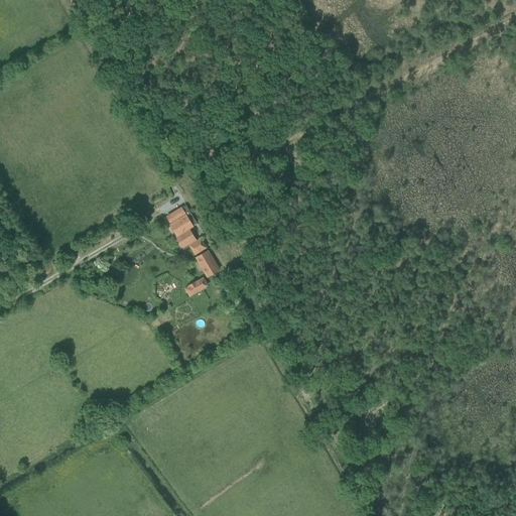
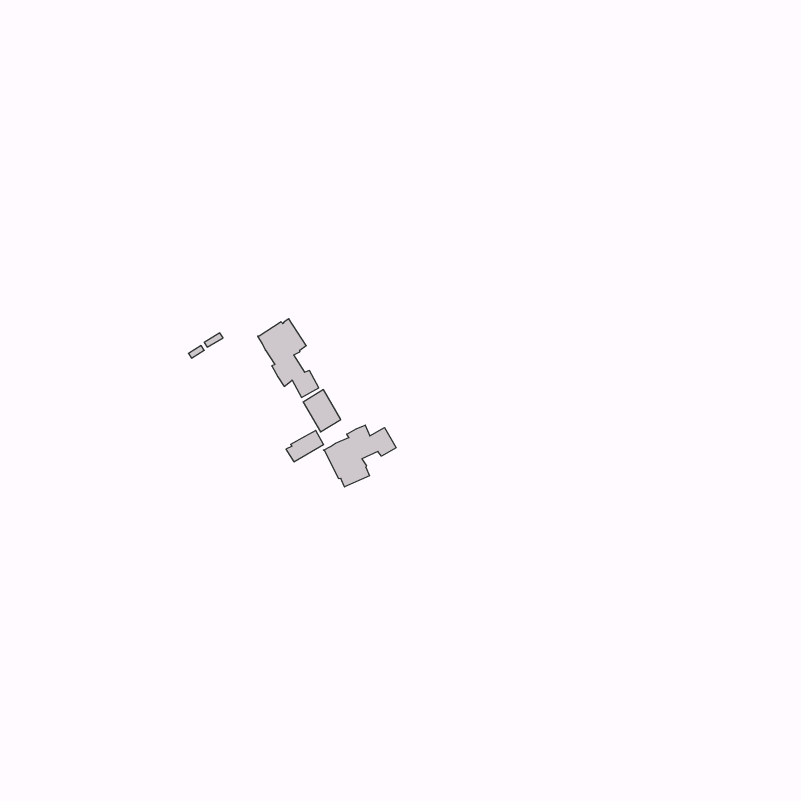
building: none -> [323,425,396,487]

